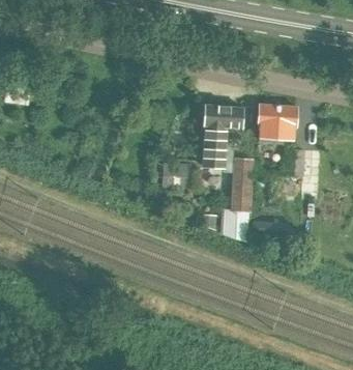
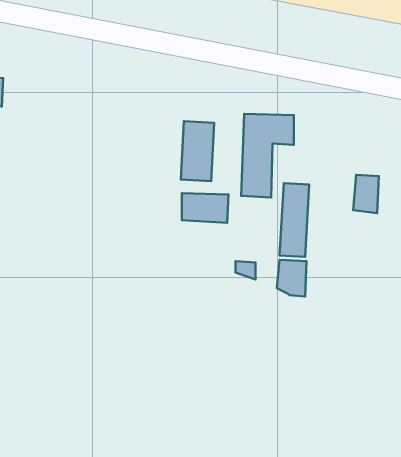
building: [258,104,296,143] -> none
building: none -> [181,121,214,181]

